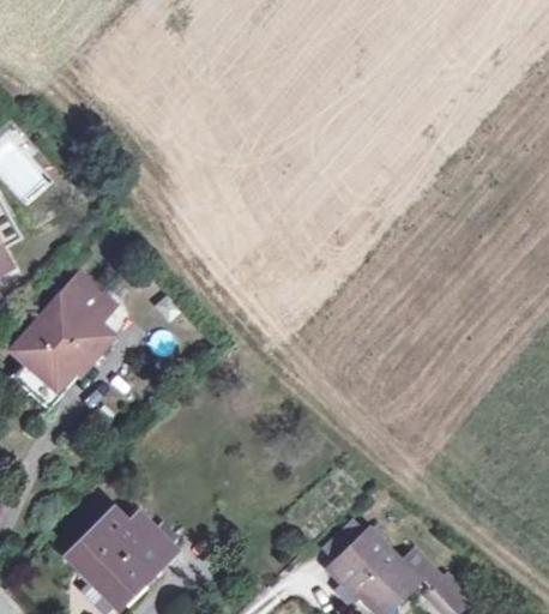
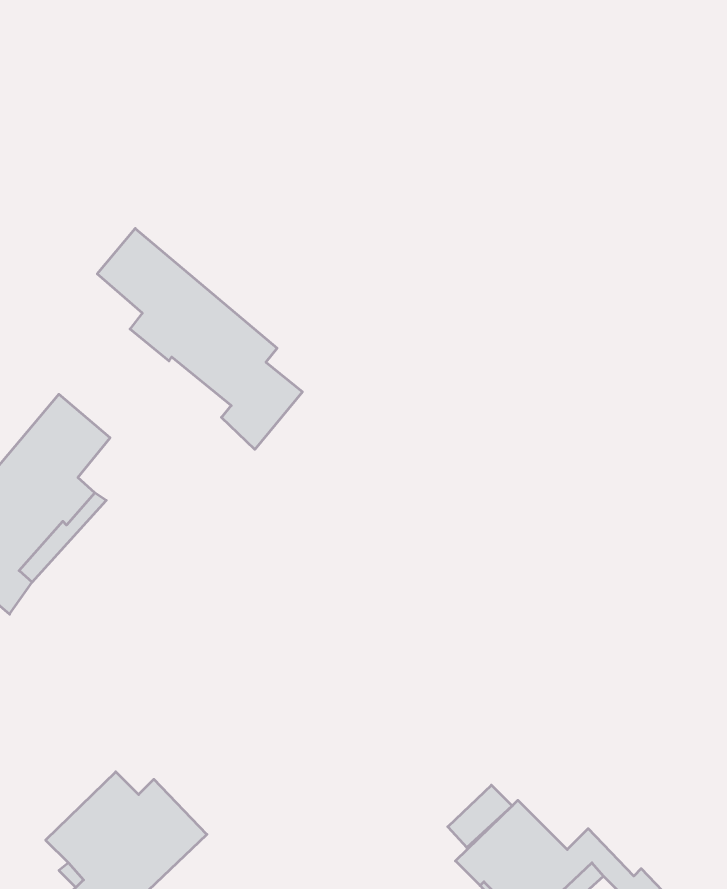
building: none -> [97,228,302,449]

